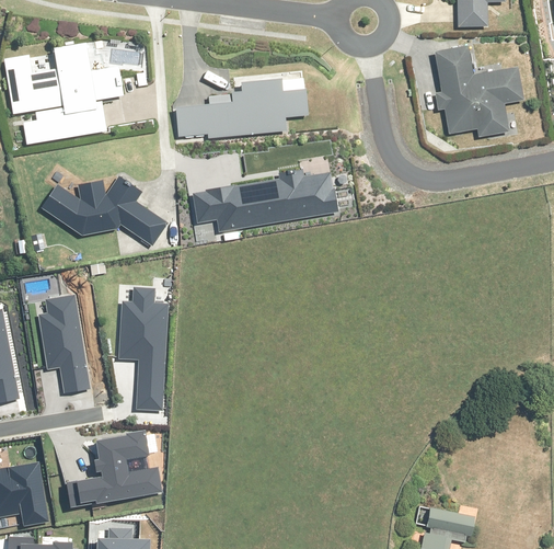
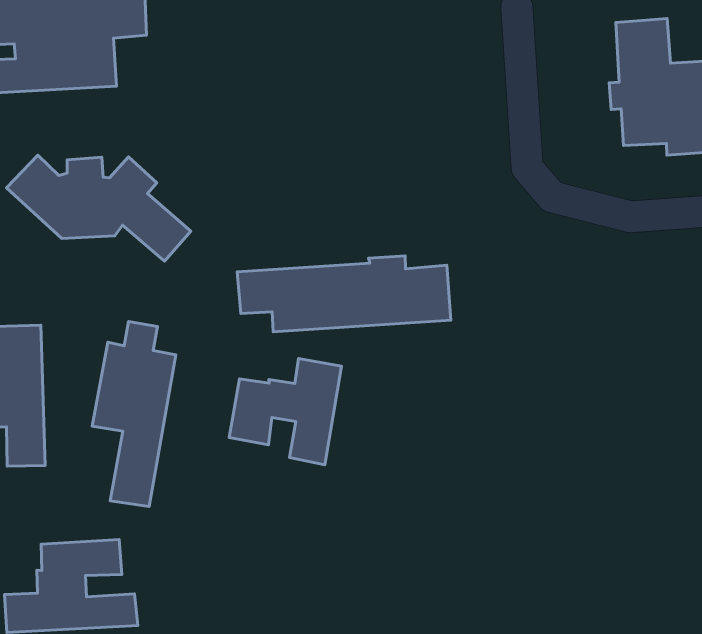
building: [176,80,307,138] -> none
building: [189,171,335,231] -> [237,256,451,332]
building: none -> [229,358,341,465]

